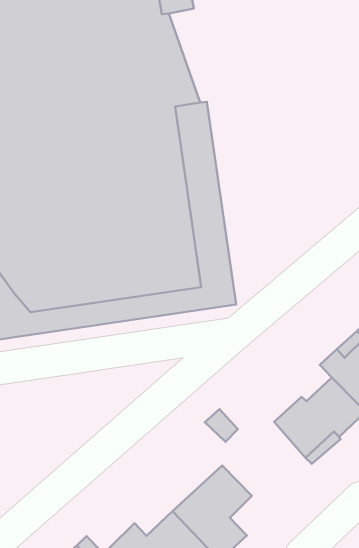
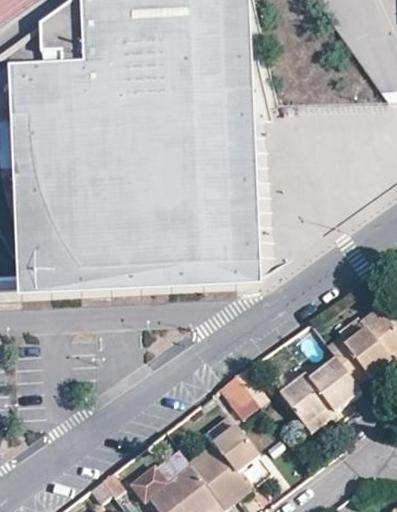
building: none -> [228,25,253,107]

